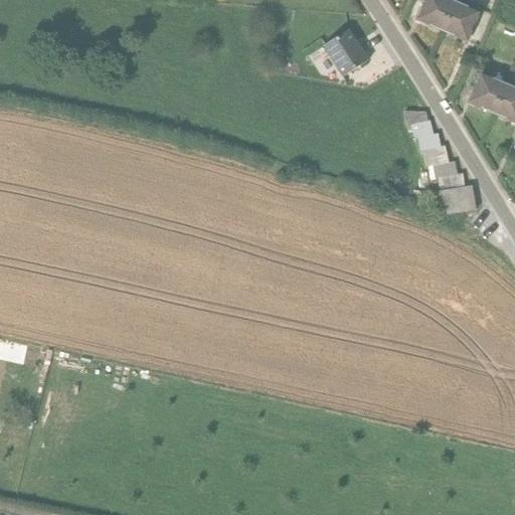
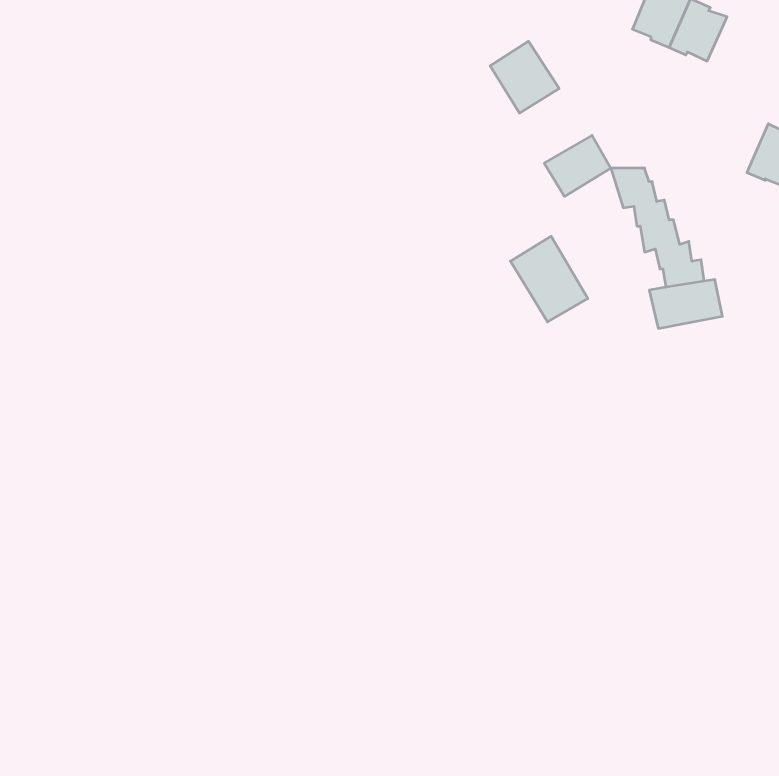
building: [469,72,507,114] -> none
building: none -> [544,135,611,196]
building: none -> [510,236,588,322]

